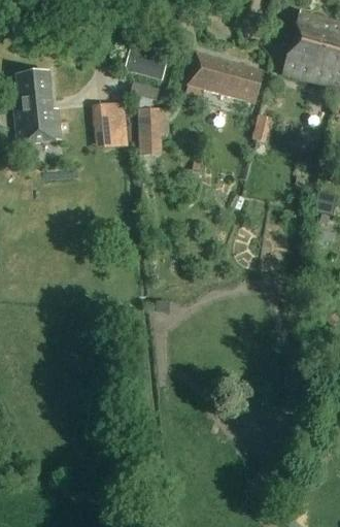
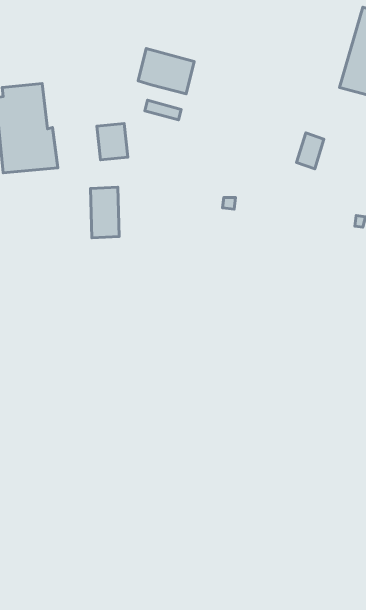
building: [186,48,264,102] -> none
building: [139,113,162,154] -> [90,187,119,238]

